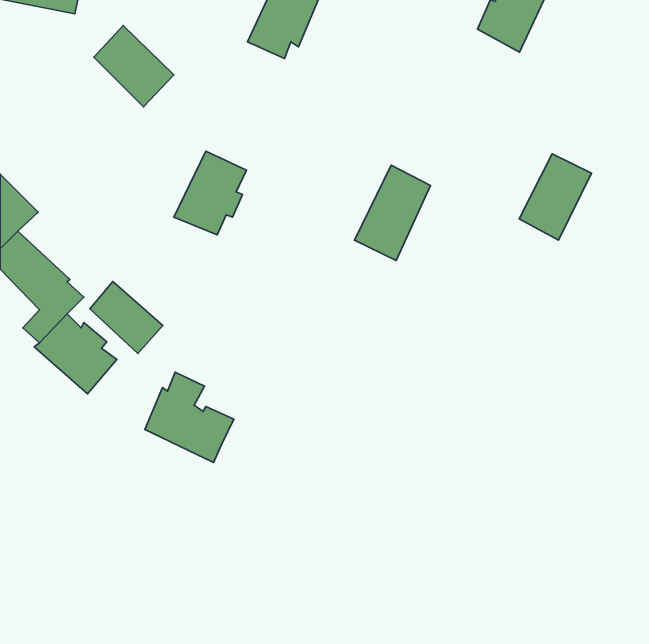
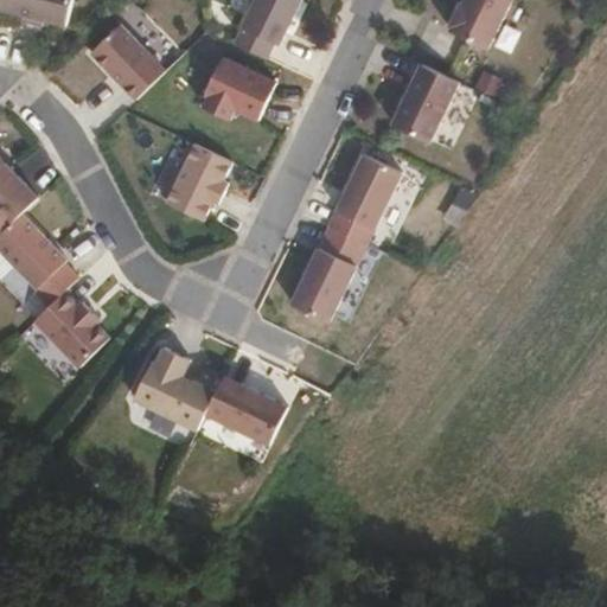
building: none -> [203,55,275,117]
building: [519,154,591,240] -> [389,60,456,141]
building: none -> [294,224,370,321]
building: [90,281,163,354] -> none
building: none -> [207,377,288,445]

